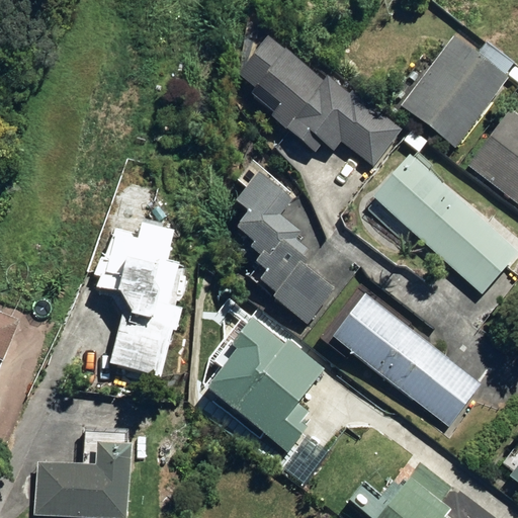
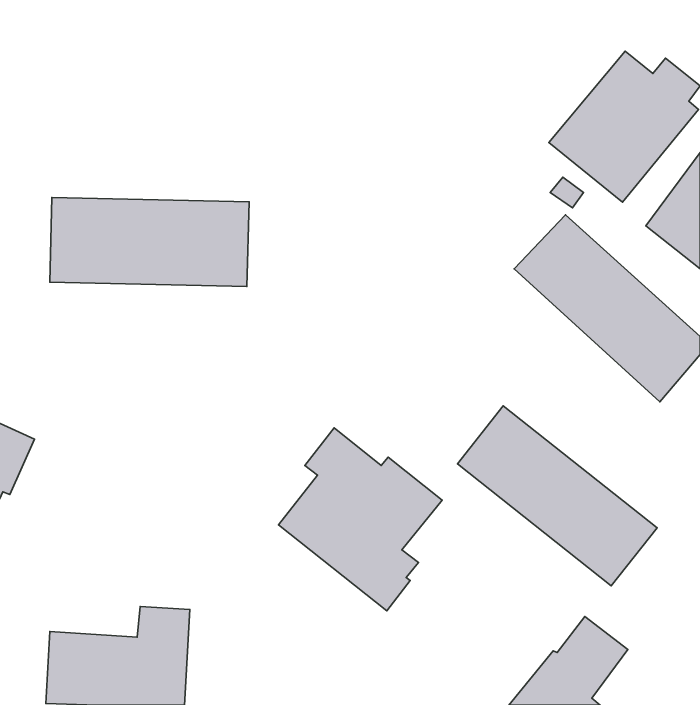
building: [231,34,395,160] -> none
building: none -> [50,197,249,286]
building: [232,171,335,325] -> none
building: [101,223,185,376] -> none

